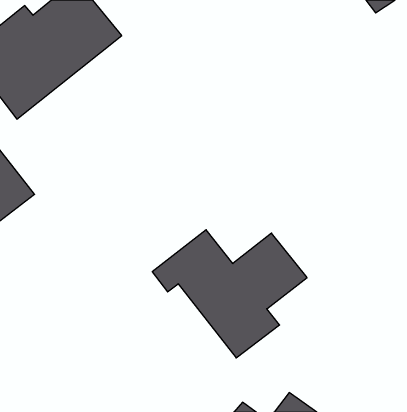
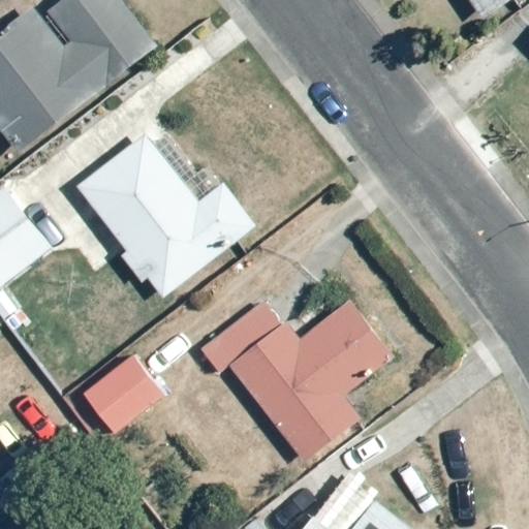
building: none -> [74,132,256,299]
building: none -> [75,352,158,433]

